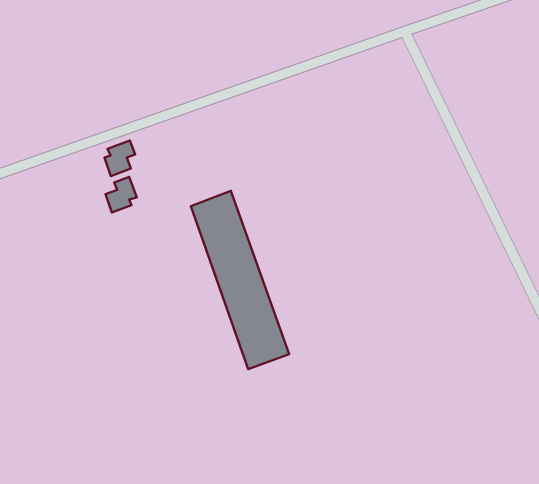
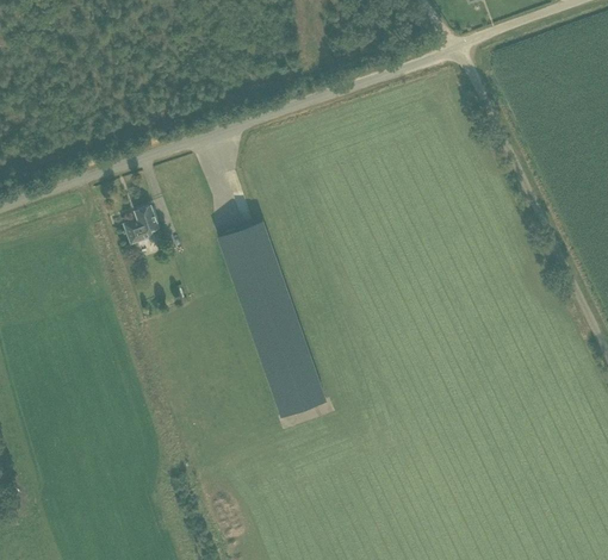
building: [105,141,135,176] -> none

